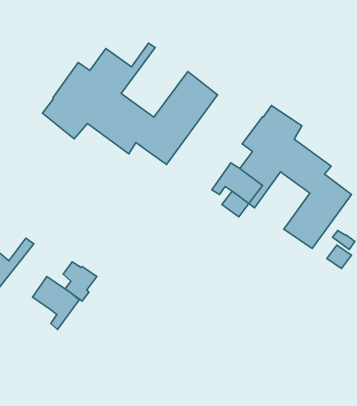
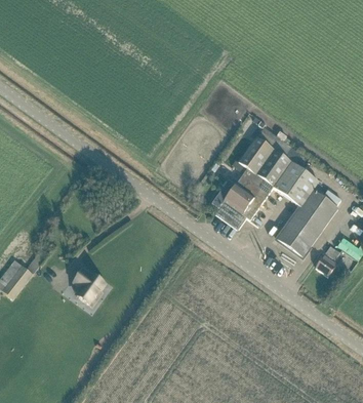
building: [42,43,218,164] -> none
building: [33,277,79,330] -> none

